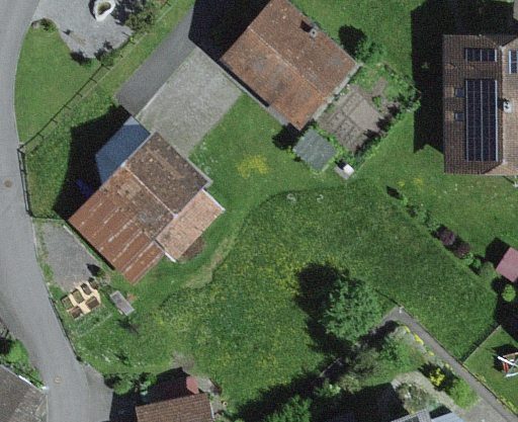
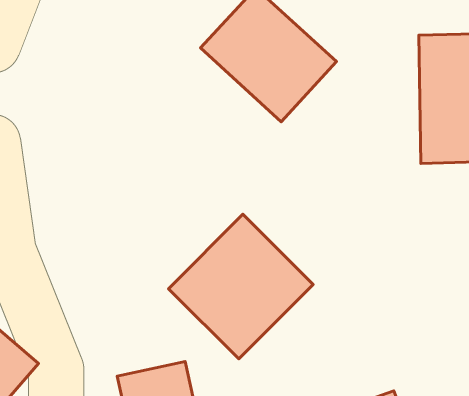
building: [67,136,212,281] -> none
building: none -> [168,214,313,359]

